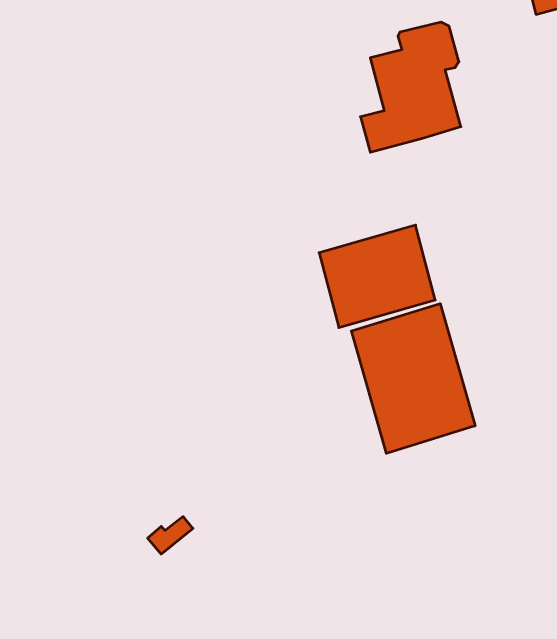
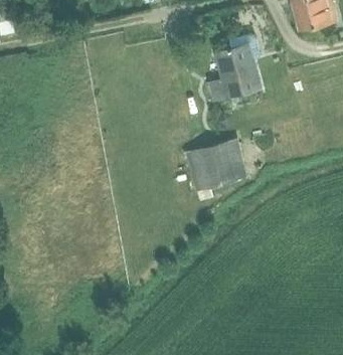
building: [351,304,475,453] -> none

